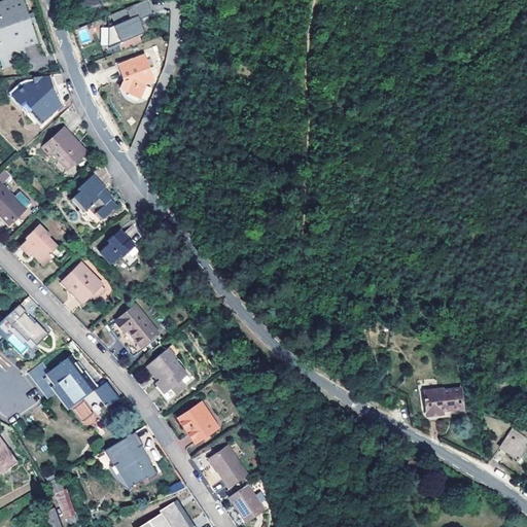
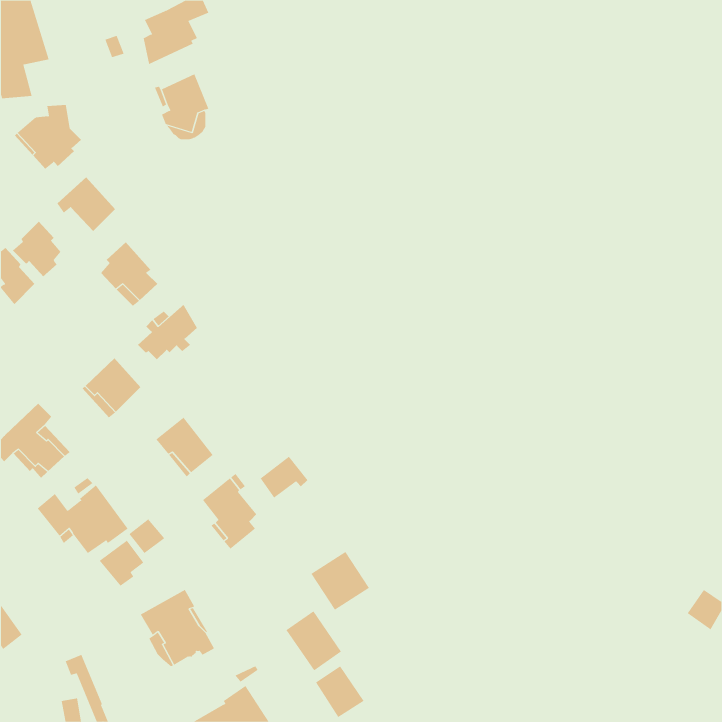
building: [20,223,56,265] -> [12,221,62,277]
building: none -> [260,456,308,499]
building: [424,388,464,417] -> none
building: [177,401,220,445] -> [311,551,370,610]

